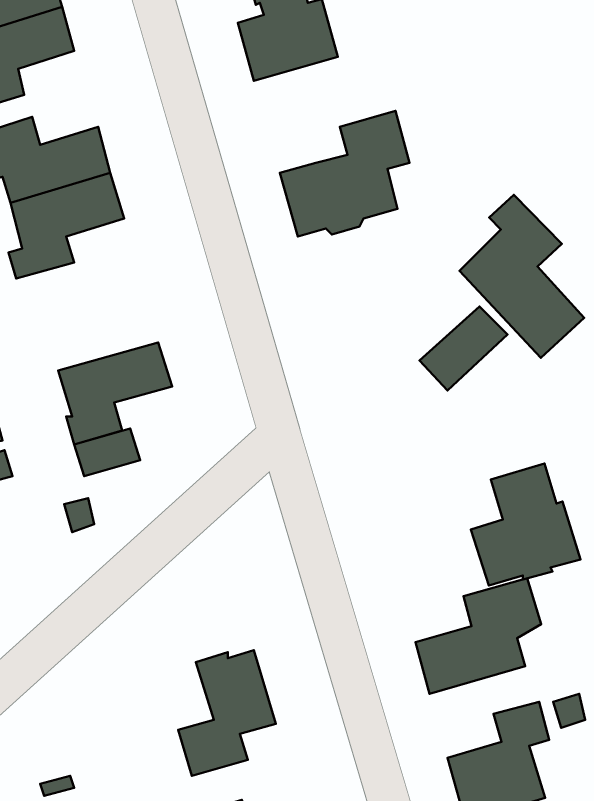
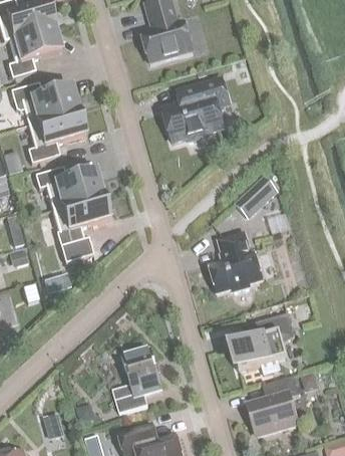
building: [460,195,584,358] -> none
building: none -> [35,166,102,208]
building: [471,464,581,585] -> [208,231,263,292]

